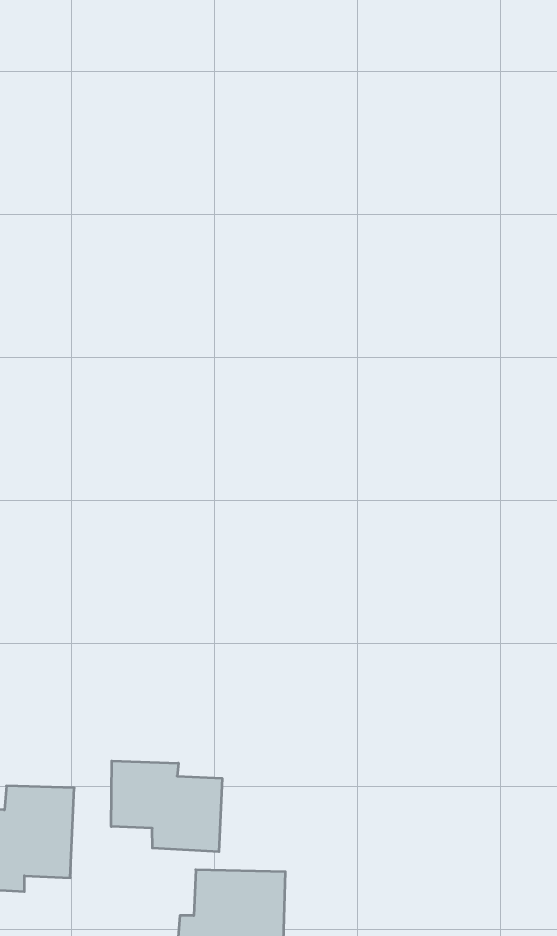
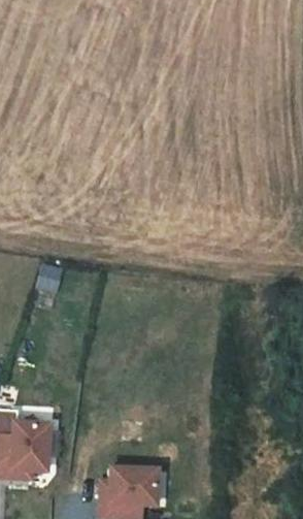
building: [111,761,222,852] -> none

